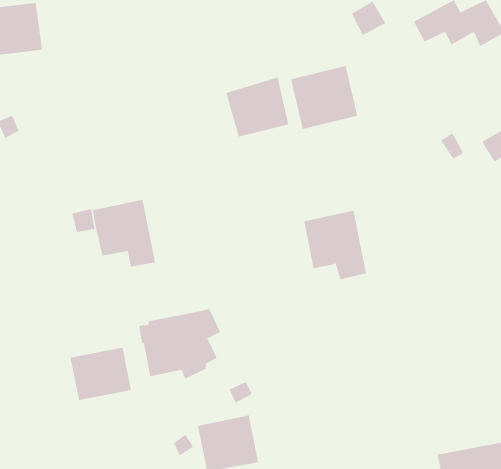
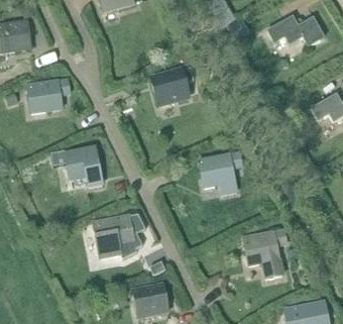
building: [291,65,358,130] -> none
building: none -> [25,77,71,114]
building: none -> [243,229,287,278]
building: [70,347,132,401] -> none

